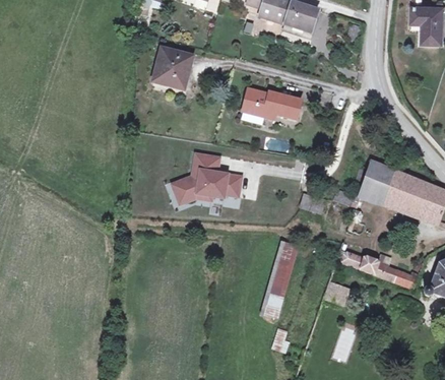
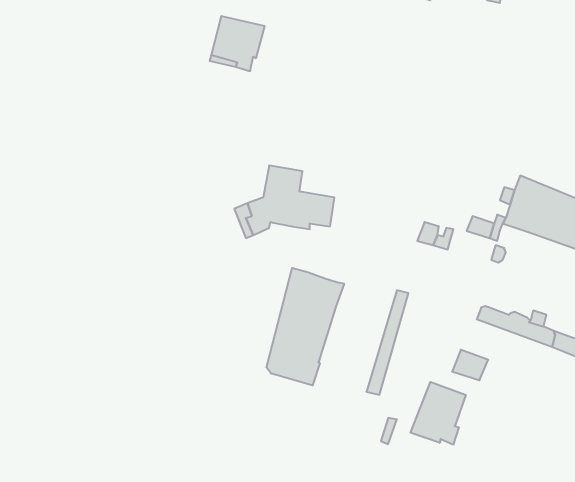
building: [242,88,301,123] -> none
building: none -> [267,268,344,385]
building: none -> [411,382,466,445]

